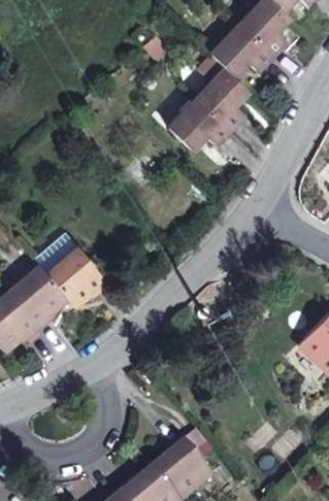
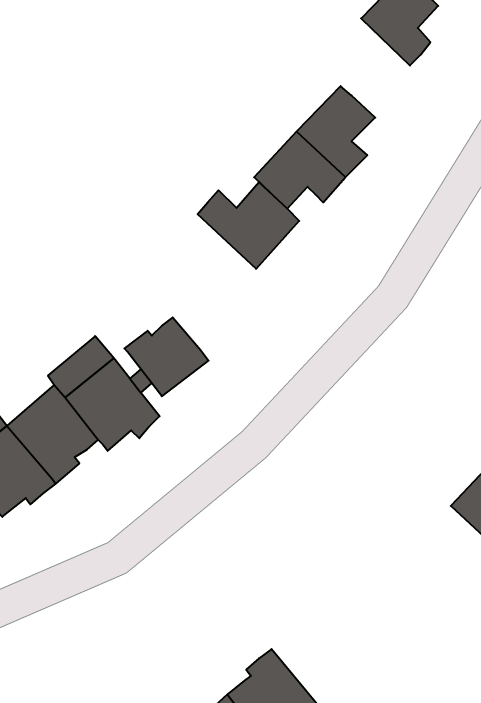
building: [211,25,271,75] -> none
building: none -> [198,182,299,269]
building: none -> [124,317,209,396]

